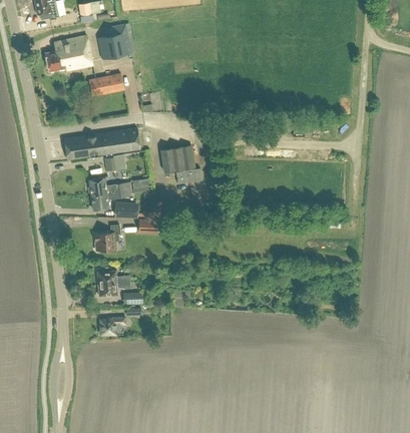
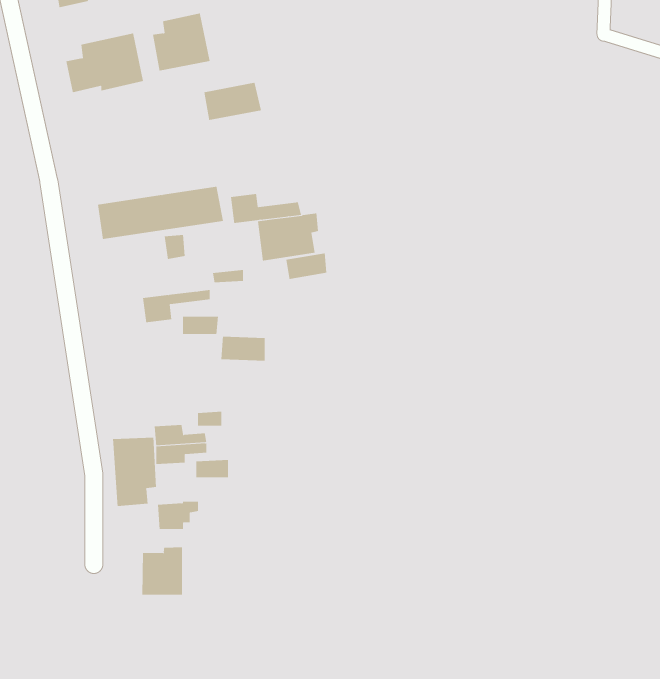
building: [89,73,124,96] -> [203,82,262,120]
building: [89,177,132,195] -> [230,193,302,223]
building: [94,226,120,253] -> none
building: none -> [113,437,157,507]
building: none -> [142,546,183,596]

